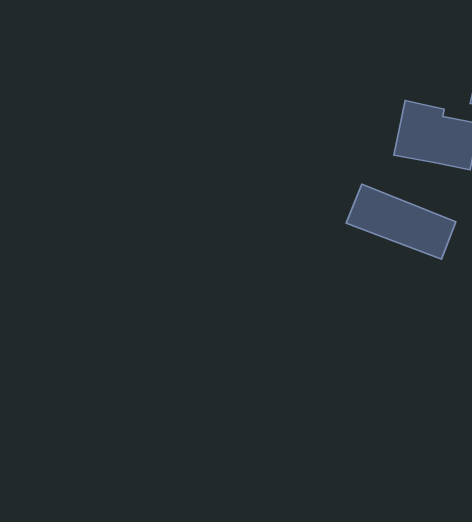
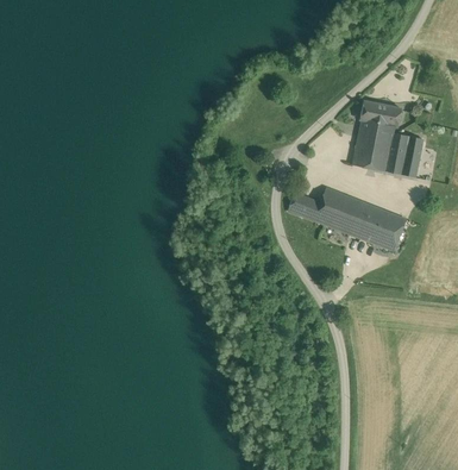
building: none -> [360,100,402,126]
building: none -> [289,193,321,220]

